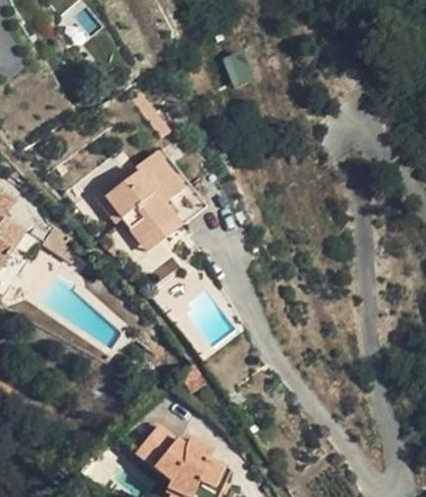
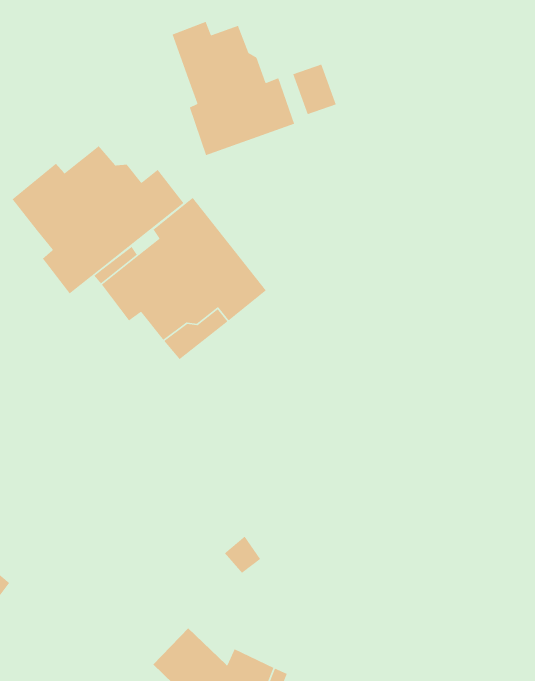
building: none -> [172,21,295,156]
building: none -> [12,145,184,295]

